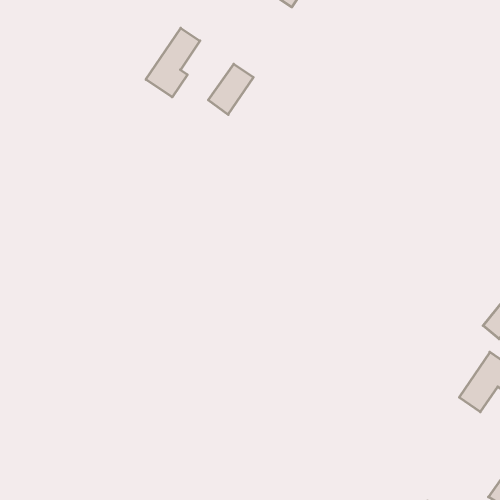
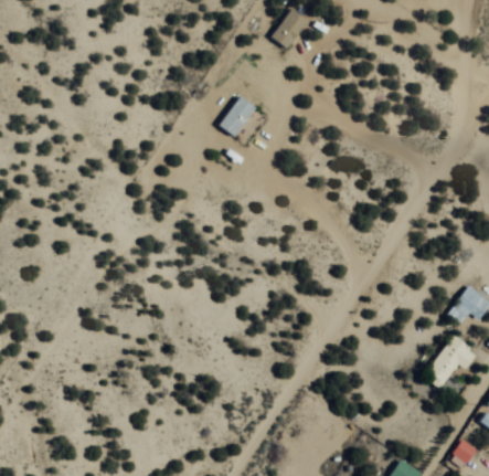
building: [146,28,200,97] -> none

